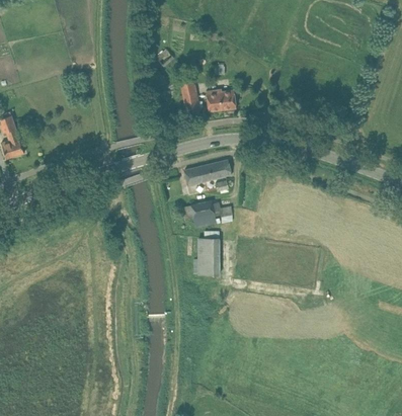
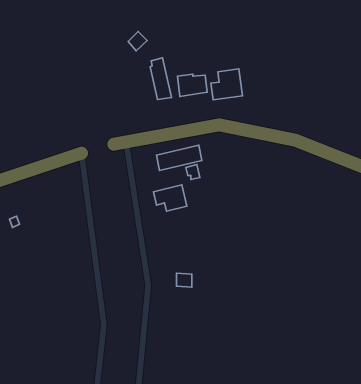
building: none -> [211,69,243,100]
building: [196,237,220,275] -> none

